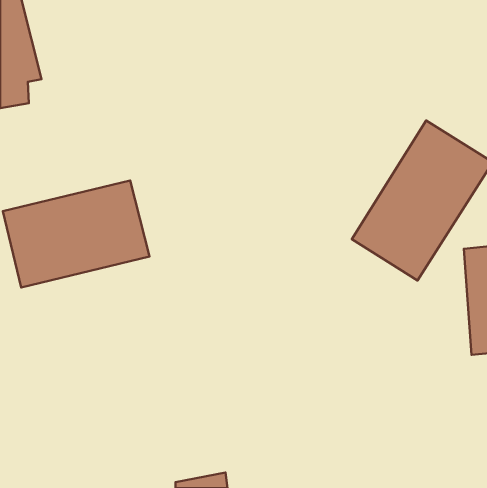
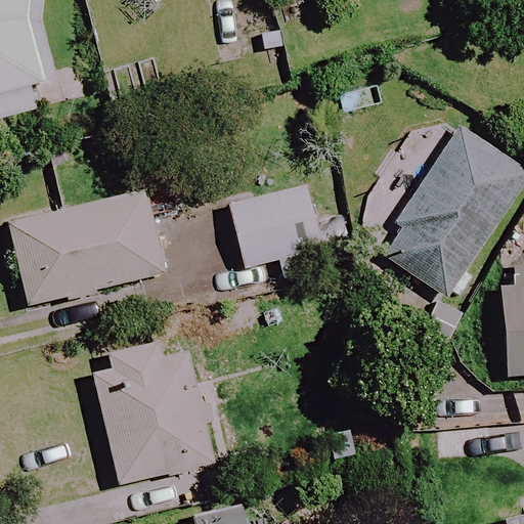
building: none -> [228,182,322,263]
building: none -> [90,337,212,484]

